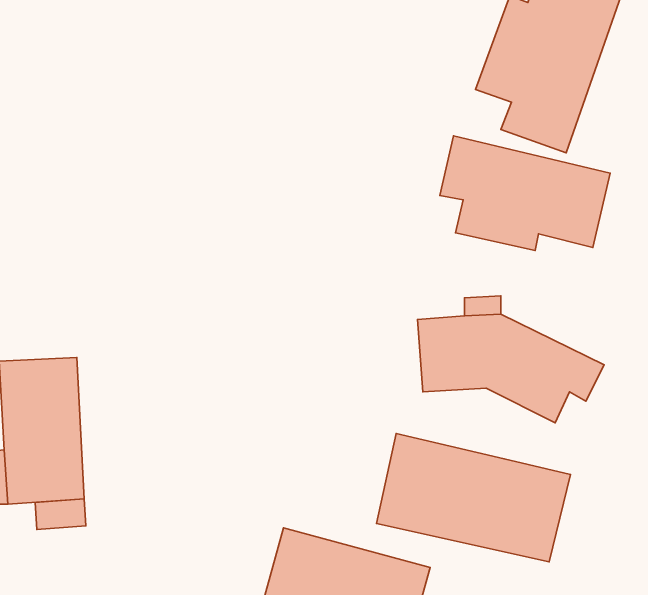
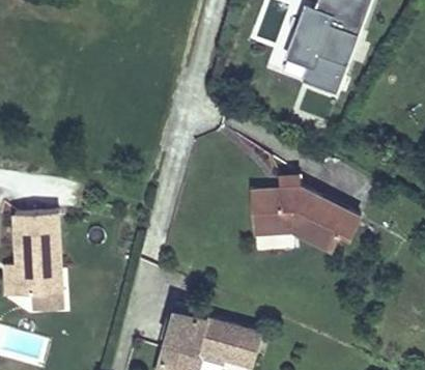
building: [440,136,610,251] -> none
building: [377,434,571,562] -> none

